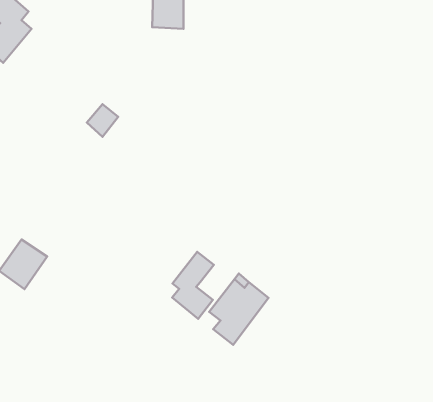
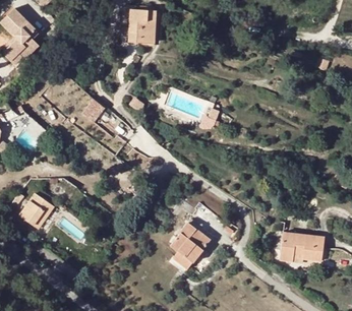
building: [172,252,214,319] -> none
building: none -> [278,233,322,262]

